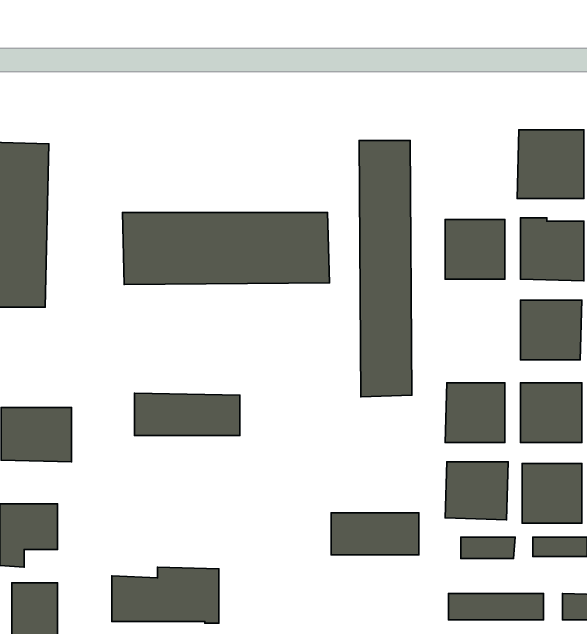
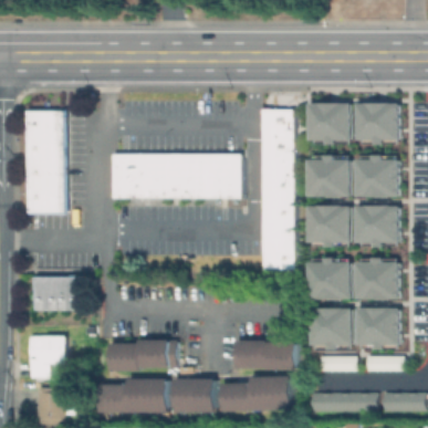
building: none -> [306,98,351,146]
building: none -> [312,209,352,247]
building: [135,393,240,435] -> [114,343,180,369]
building: none -> [226,376,294,410]
building: none -> [178,378,218,411]

